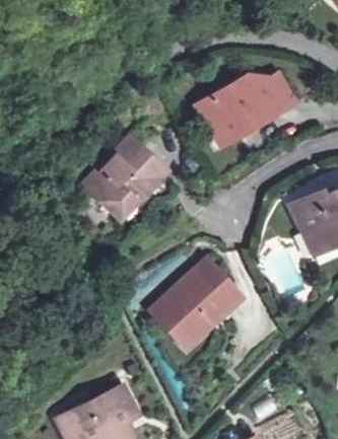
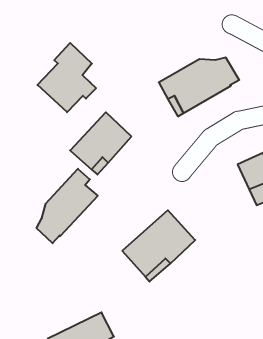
building: none -> [37,43,96,112]
building: none -> [37,169,98,243]

